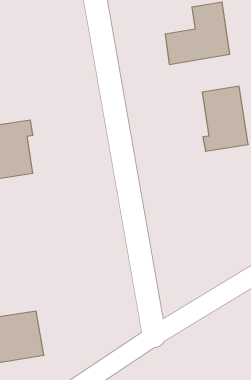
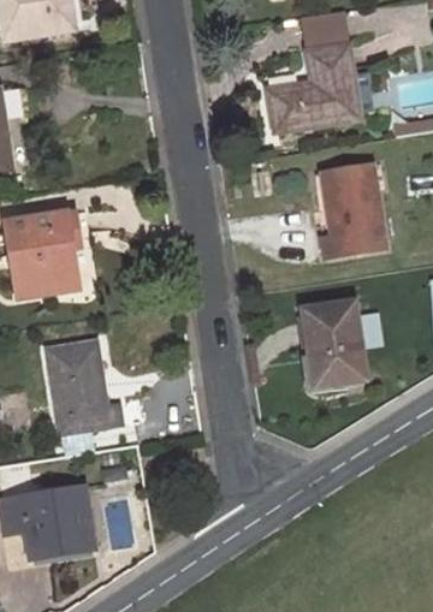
building: none -> [303,299,364,386]
building: none -> [46,340,126,434]

